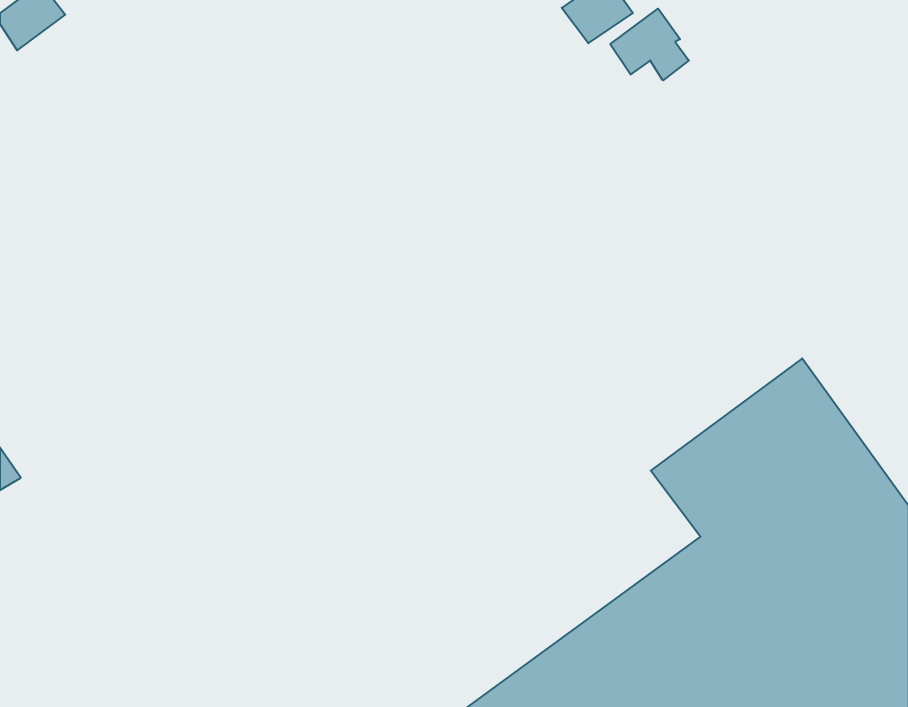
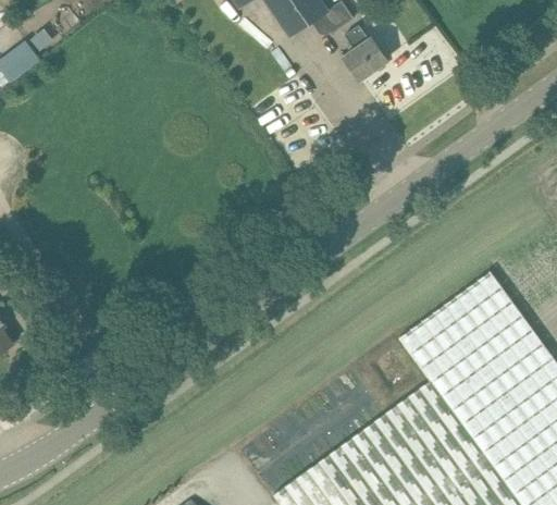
building: [610,9,689,80] -> none

